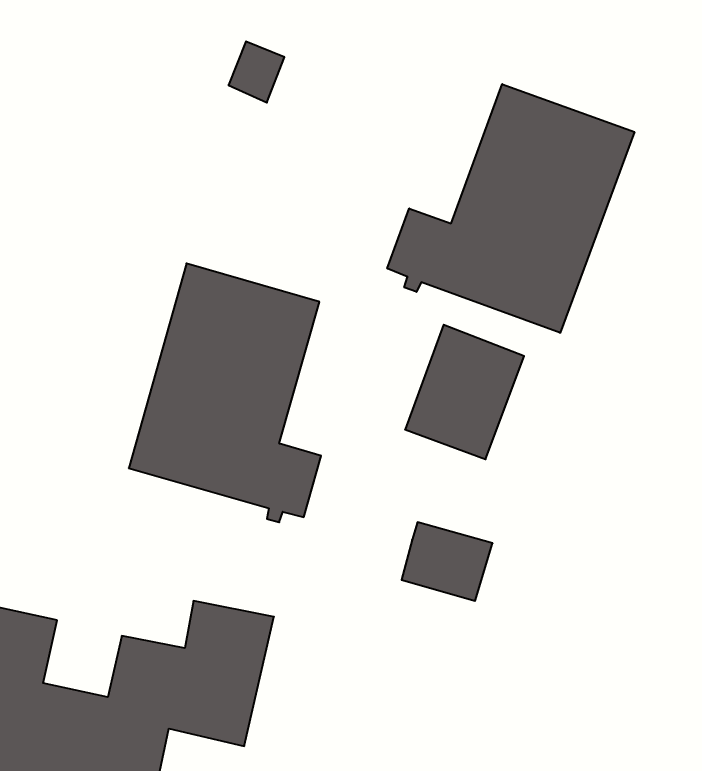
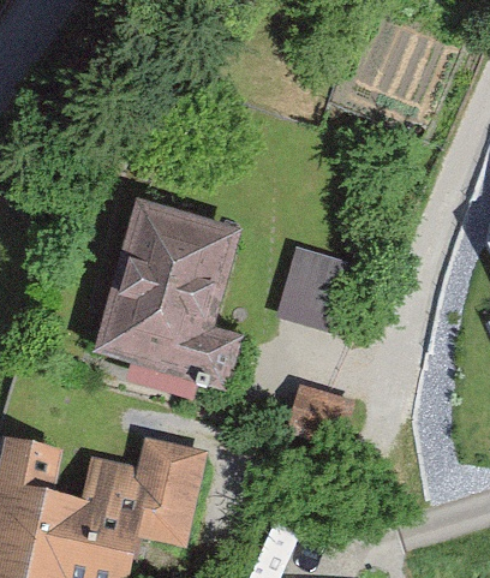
building: [387,84,634,333] -> none

